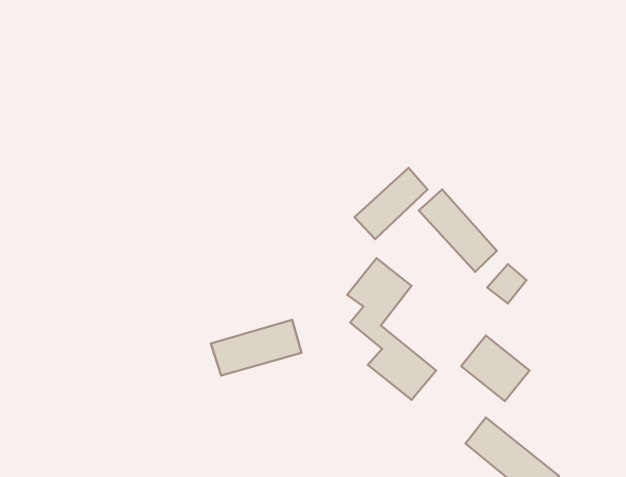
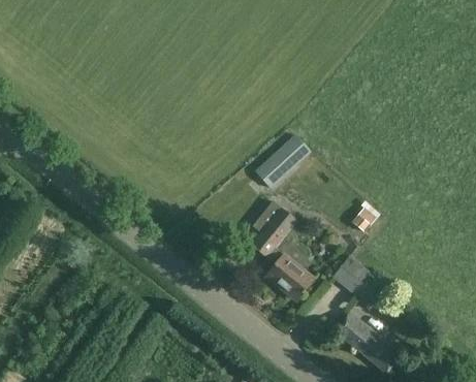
building: [419,189,497,272] -> none
building: [211,320,302,375] -> none

